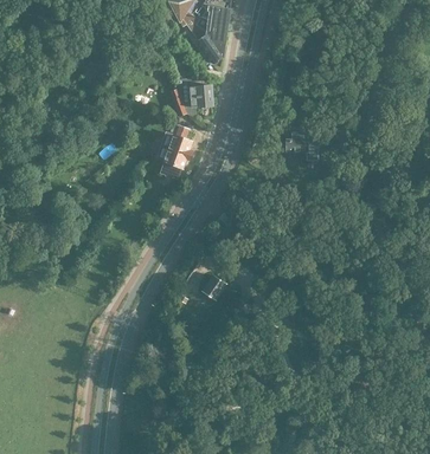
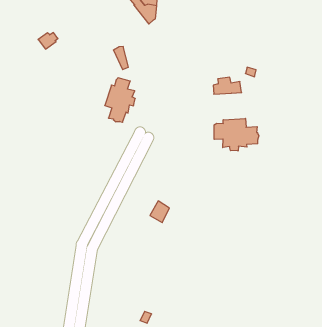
building: [182,85,213,115] -> none
building: none -> [214,118,259,151]

